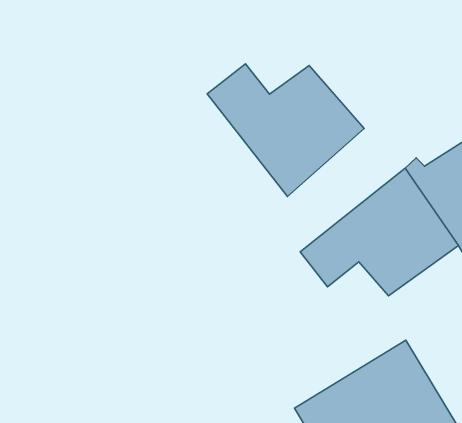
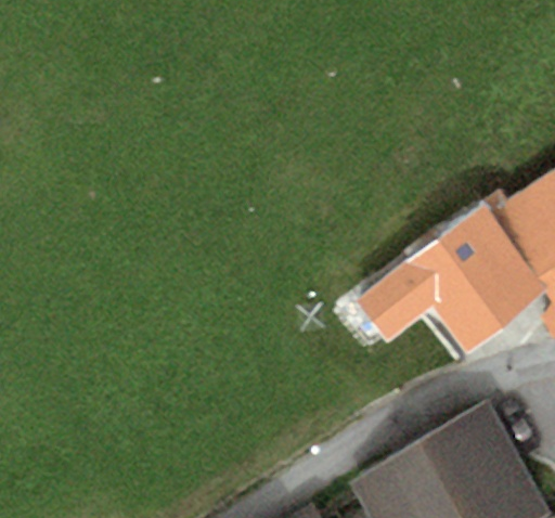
building: [207,64,364,196] -> none

